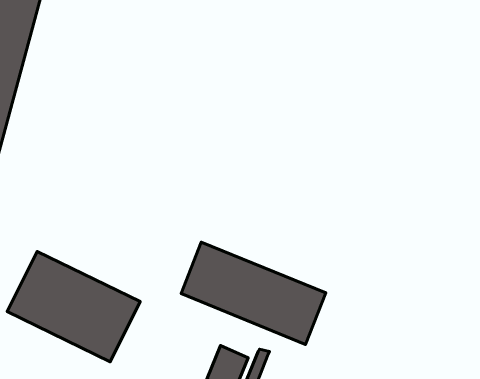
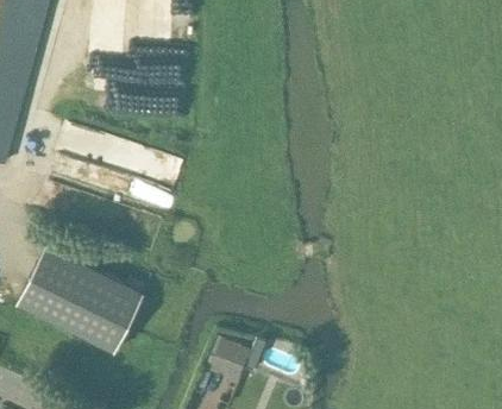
building: [181,242,326,344] -> none

